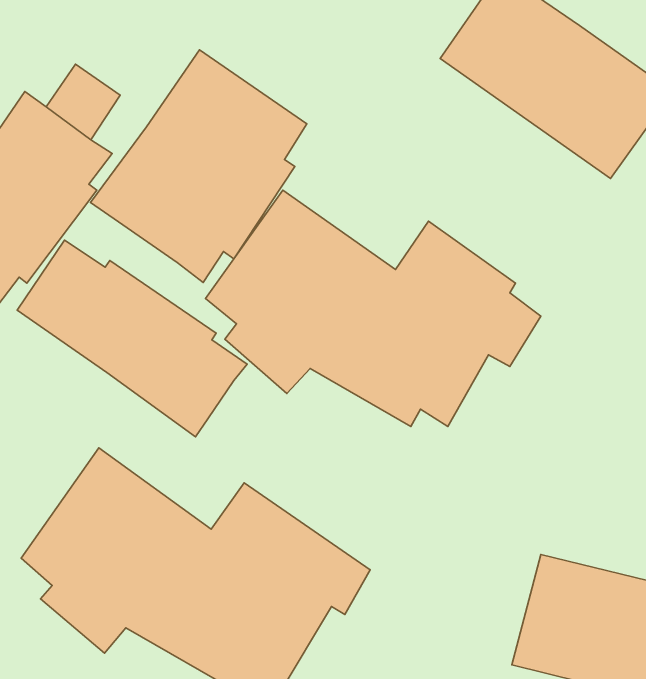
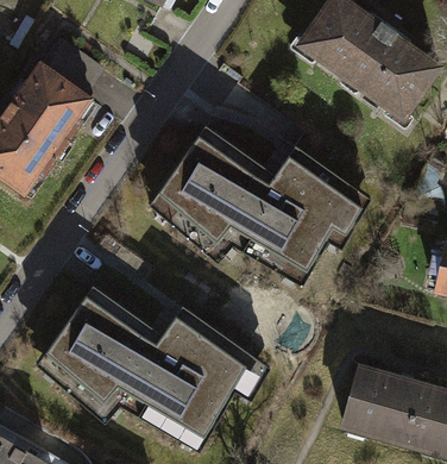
building: [91,50,307,282] -> none
building: [17,240,247,437] -> none

